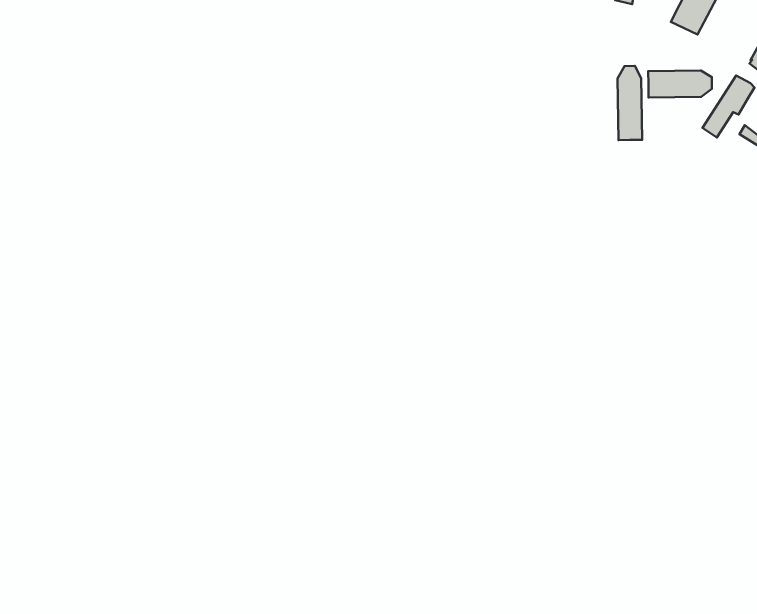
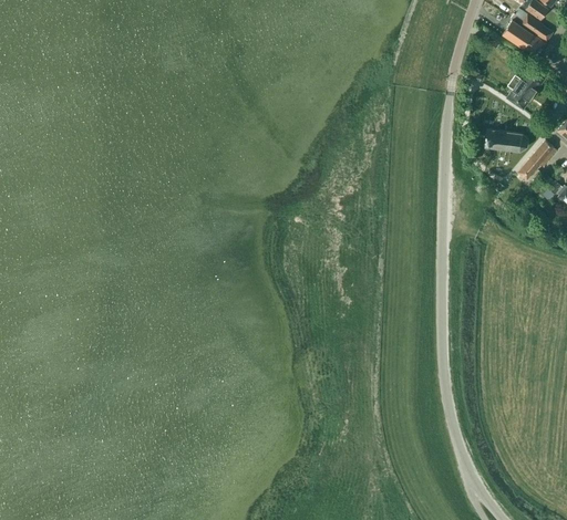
building: [617,66,642,140] -> none

